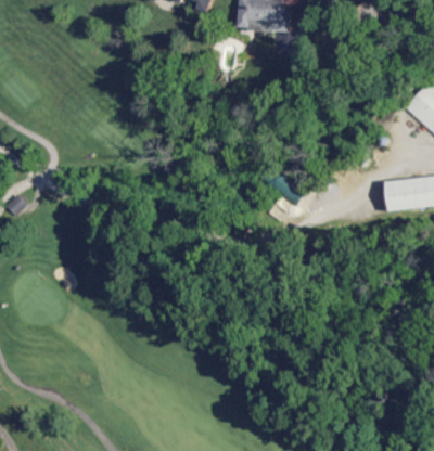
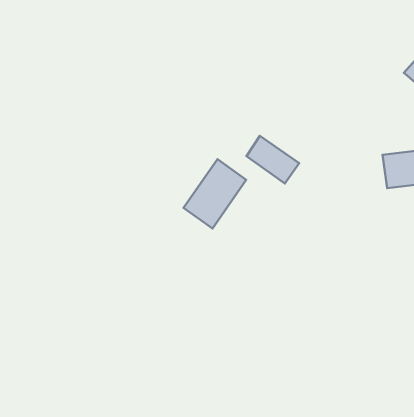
building: none -> [184,159,246,228]

